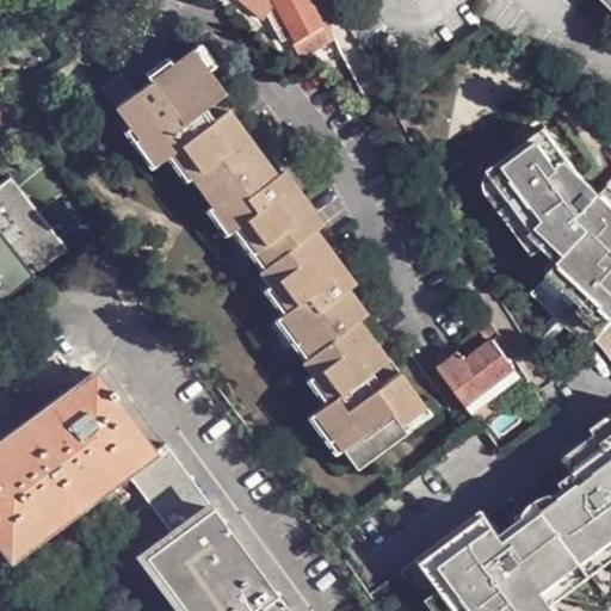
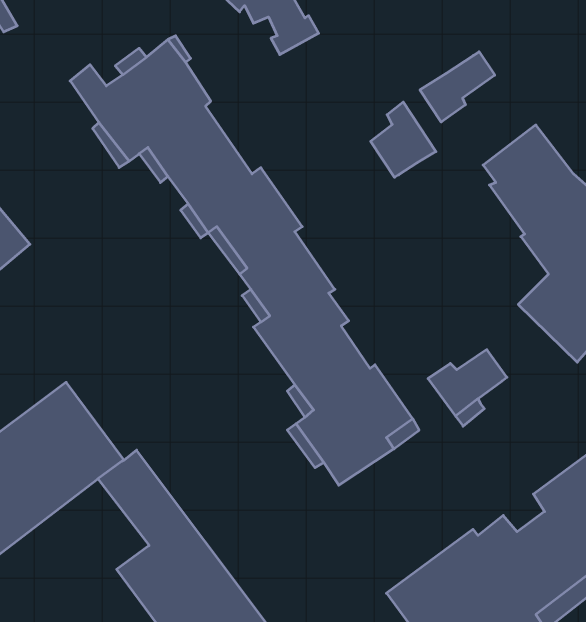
building: none -> [420,52,495,122]
building: none -> [371,102,436,177]

